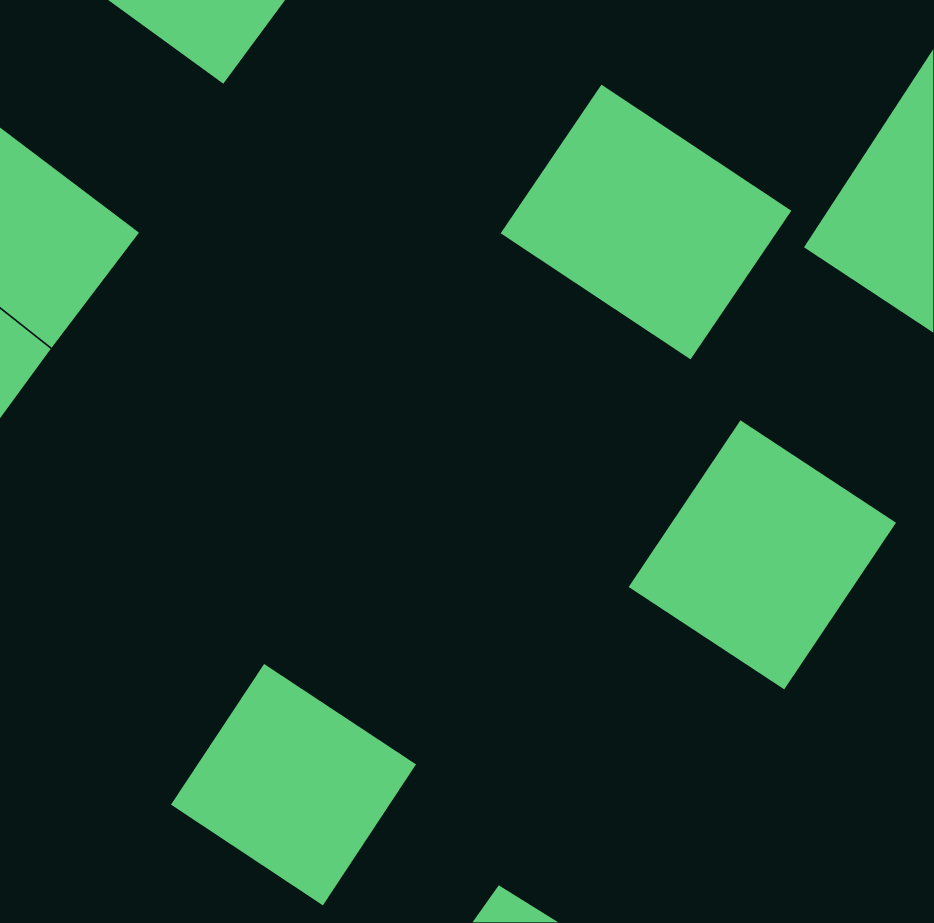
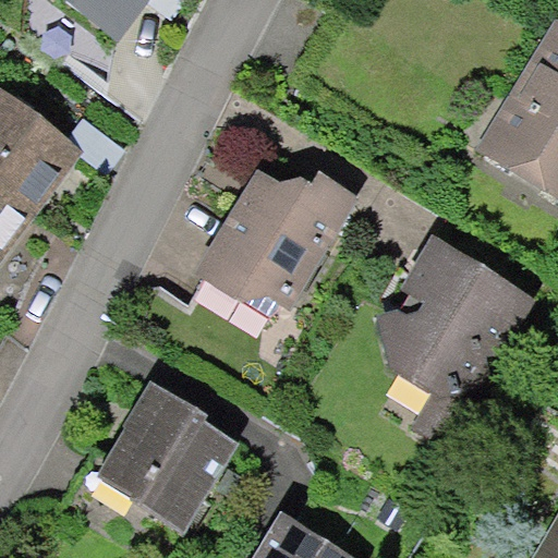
building: [500,84,792,360] -> none
building: none -> [199,141,360,312]

